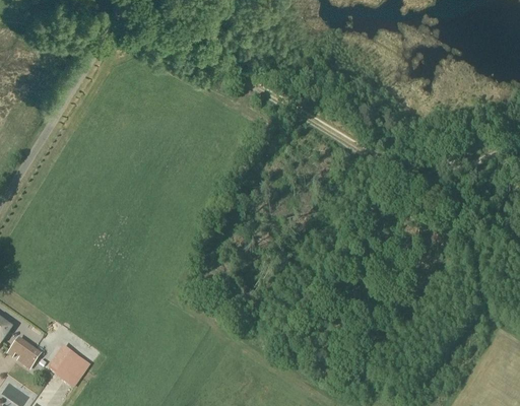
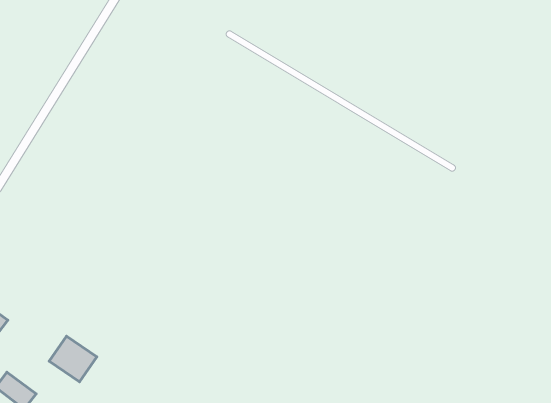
building: [6,338,38,367] -> none

